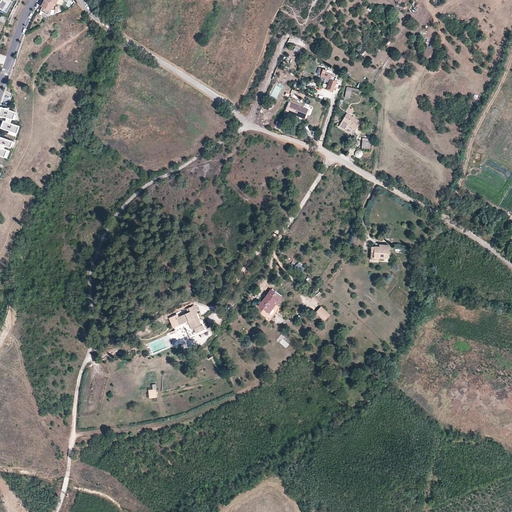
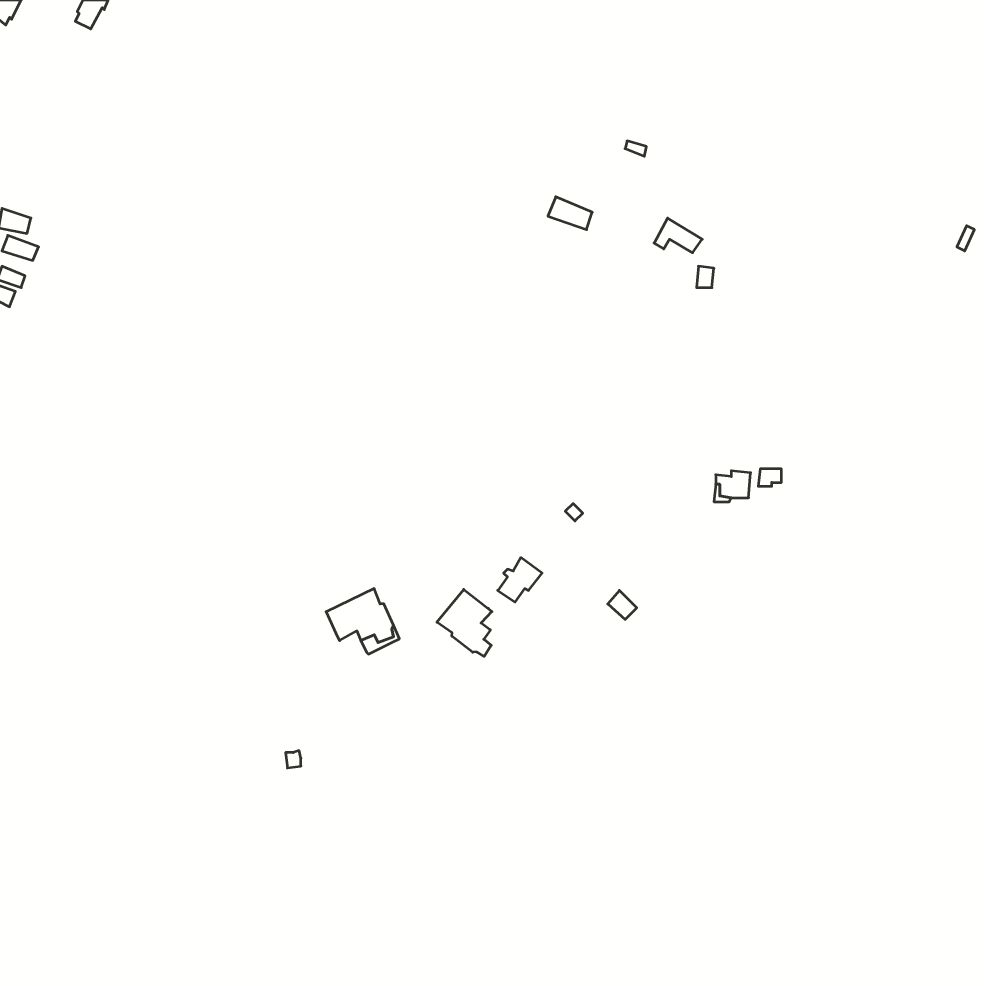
building: none -> [437,589,492,656]

